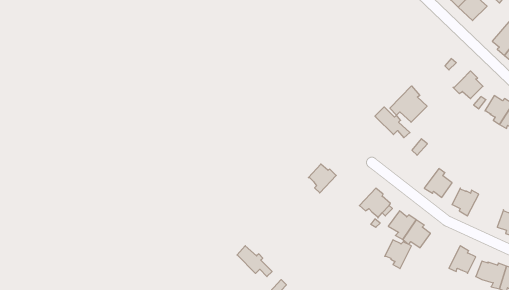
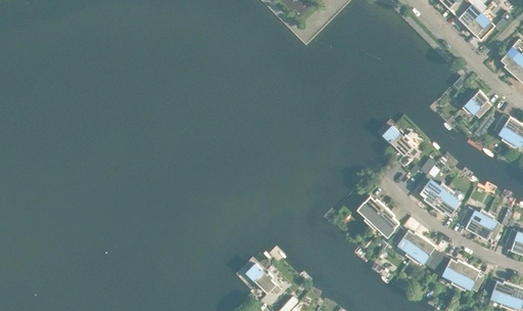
building: [390,86,427,122] -> none
building: none -> [419,179,446,207]
building: [308,164,336,193] -> [356,195,384,224]
building: none -> [475,213,502,240]
building: [385,240,411,269] -> [441,258,468,286]

